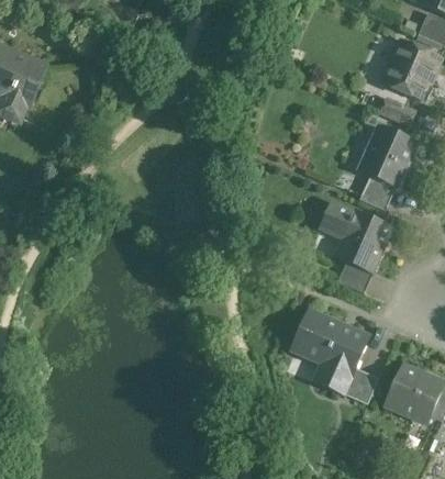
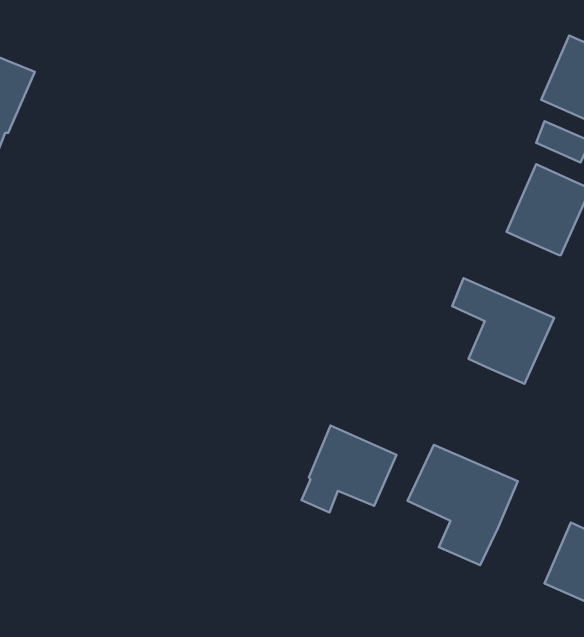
building: [358,175,394,209] -> none
building: [337,260,371,291] -> none
building: none -> [301,426,397,512]
building: [342,367,378,403] -> none

